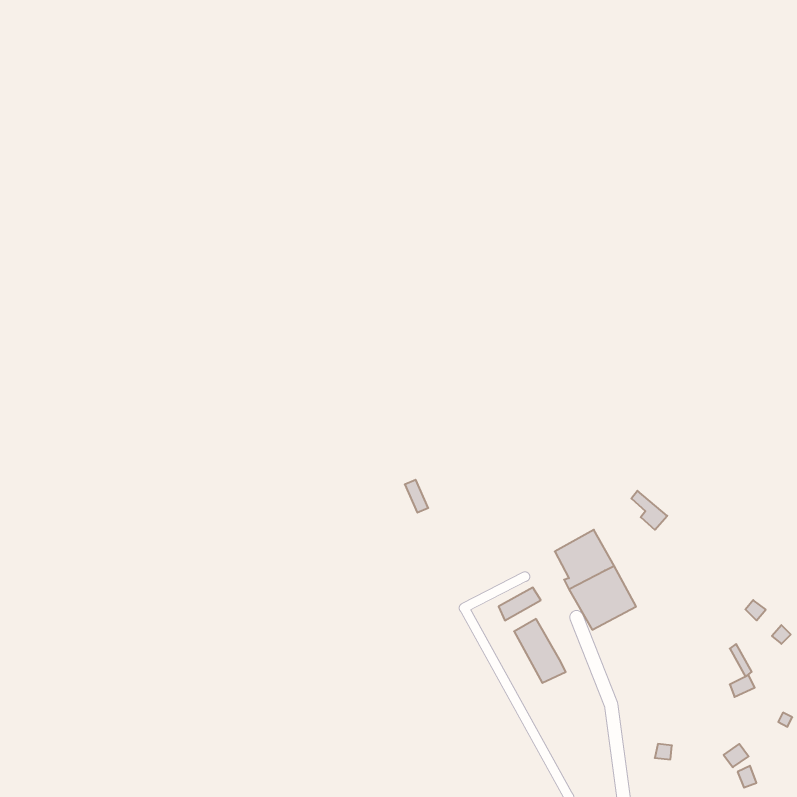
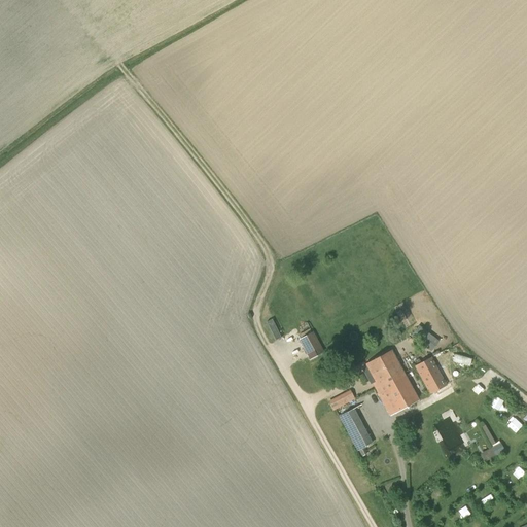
building: none -> [300,330,325,359]
building: none -> [415,356,448,394]

